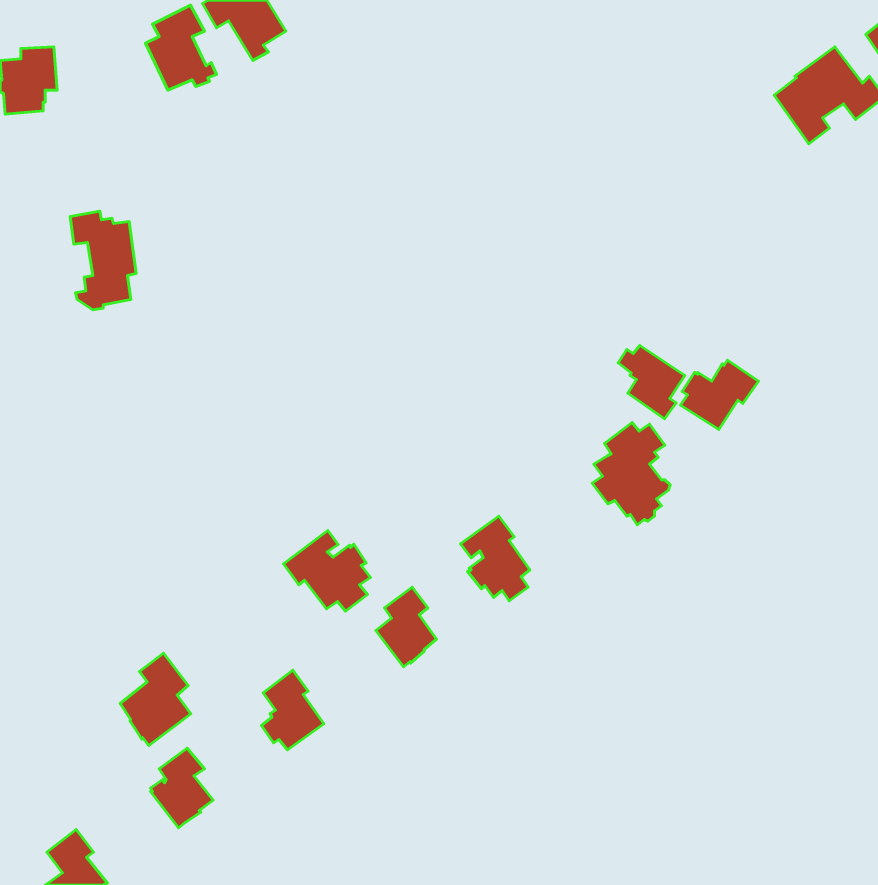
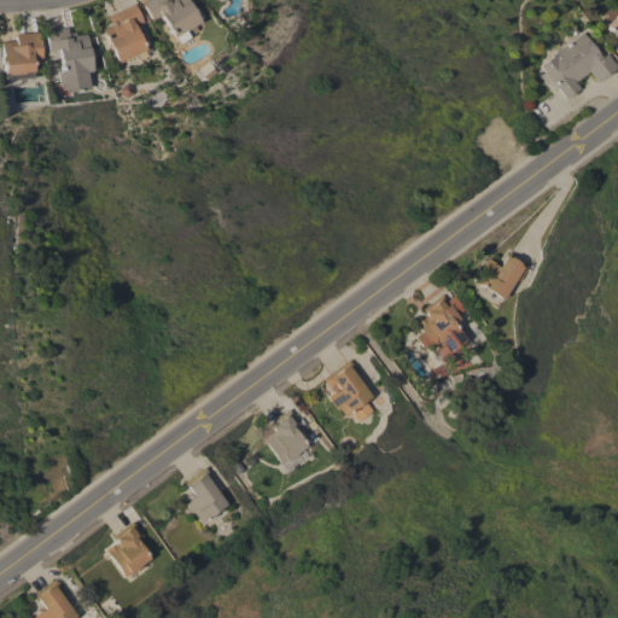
building: [70,211,136,310] -> [49,28,95,97]
building: [618,346,685,419] -> none
building: [283,530,370,611] -> none
building: [120,653,191,746] -> none

